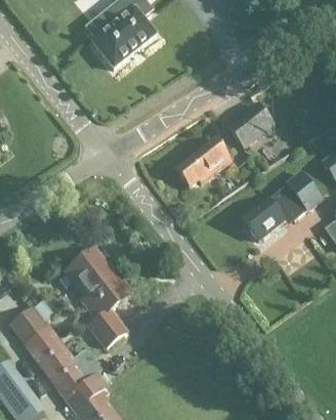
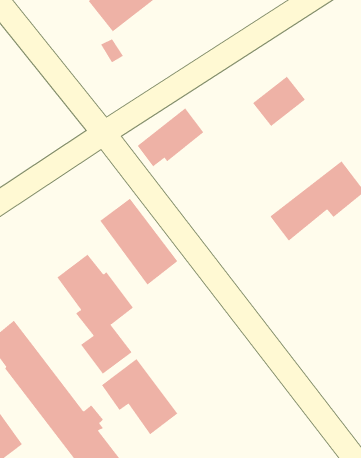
building: [175,137,230,186] -> [137,107,204,167]
building: none -> [99,198,178,285]
building: none -> [101,358,178,435]

